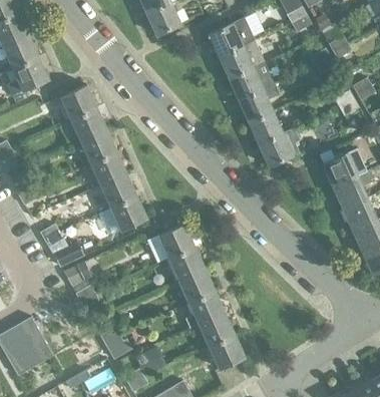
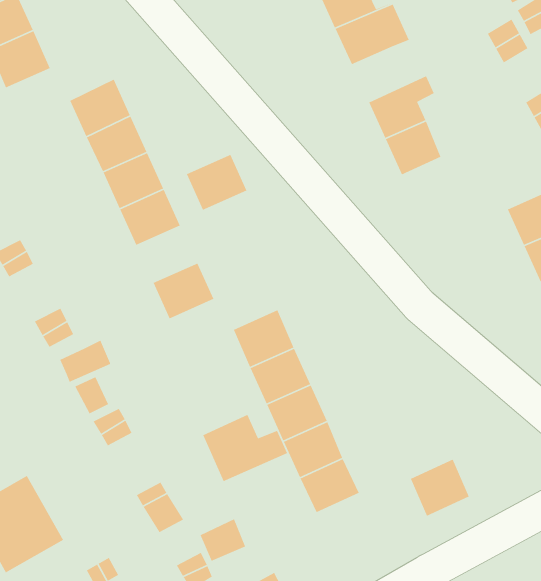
building: [229,62,274,99] -> none
building: [259,127,300,166] -> none
building: [99,173,136,208] -> [186,154,248,211]
building: none -> [202,414,288,482]
building: [208,334,244,369] -> [410,458,470,517]

